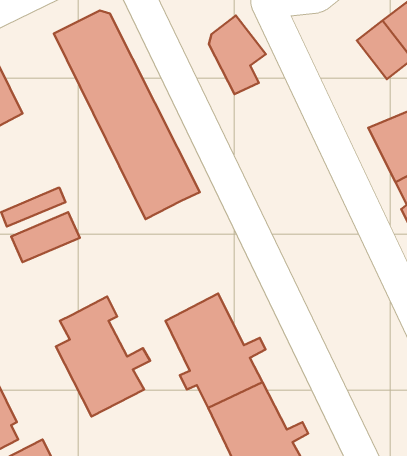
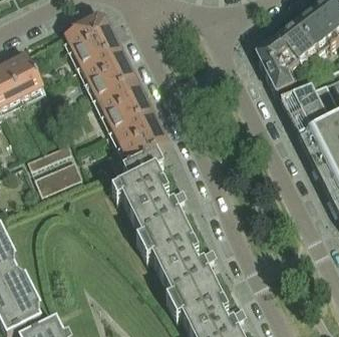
building: [209,16,266,94] -> [258,37,298,92]
building: [56,297,150,417] -> [117,149,184,234]

